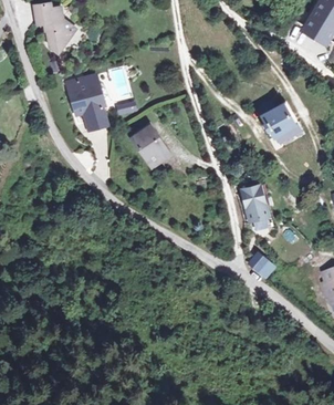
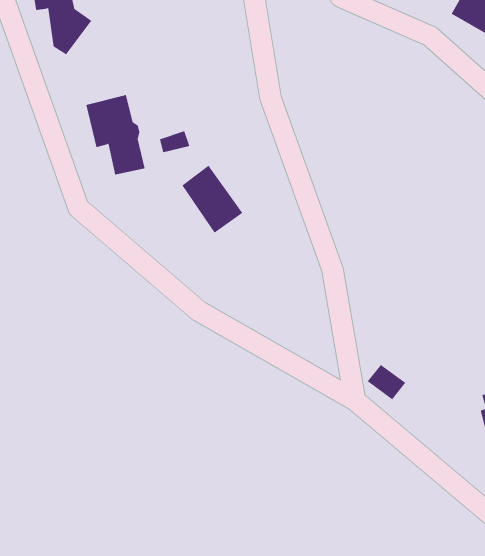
building: [258,100,301,144] -> none
building: [240,186,268,222] -> none

